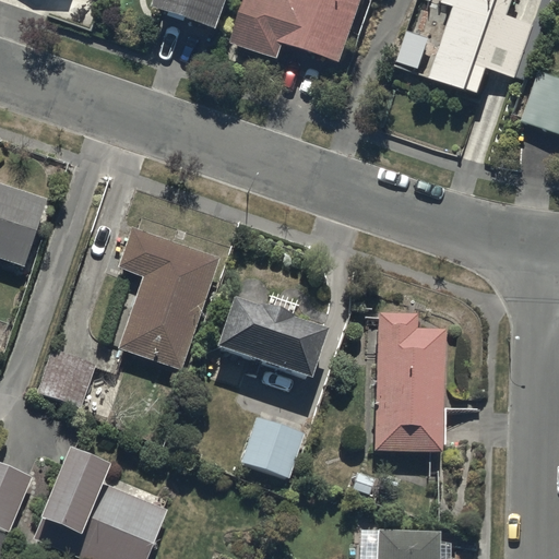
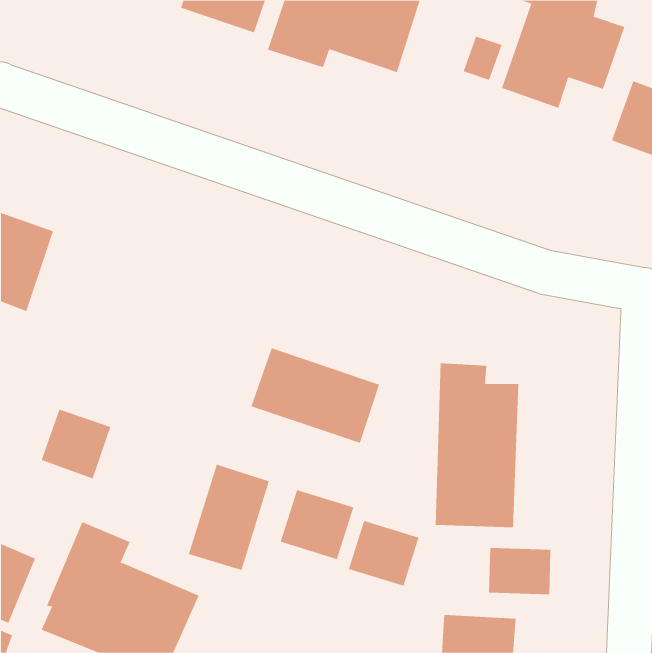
building: [117,227,219,369] -> none
building: none -> [188,464,270,571]
building: none -> [348,520,419,587]
building: none -> [489,547,551,595]

